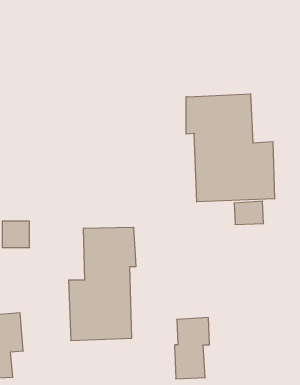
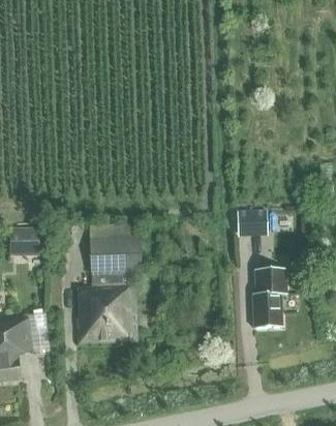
building: [186,94,275,202] -> none
building: [175,318,209,379] -> [252,267,286,327]

